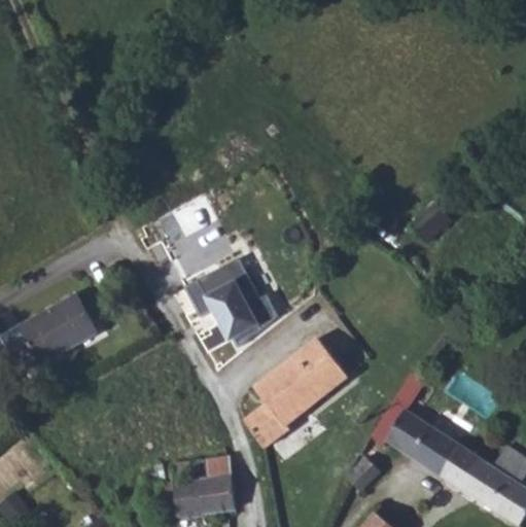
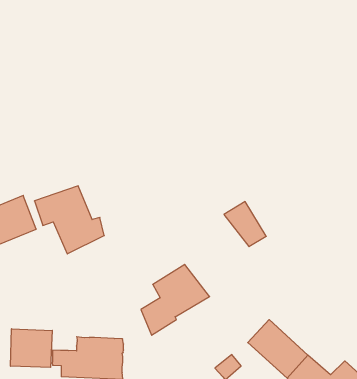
building: [186,258,278,344] -> [34,186,104,254]
building: [292,335,348,389] -> [224,202,266,247]
building: none -> [11,329,52,367]

